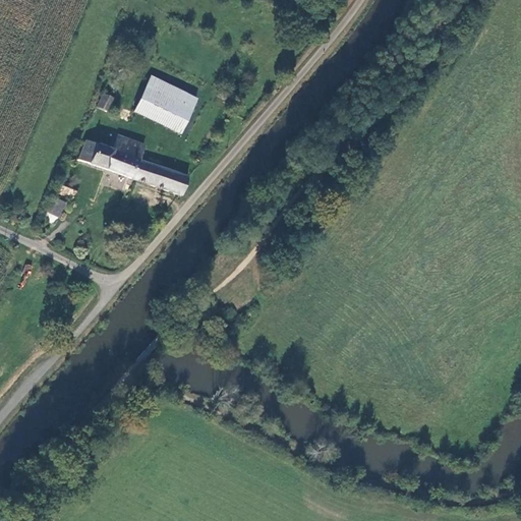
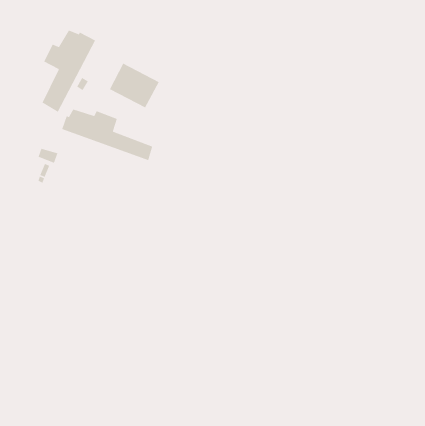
building: none -> [41,29,96,113]

